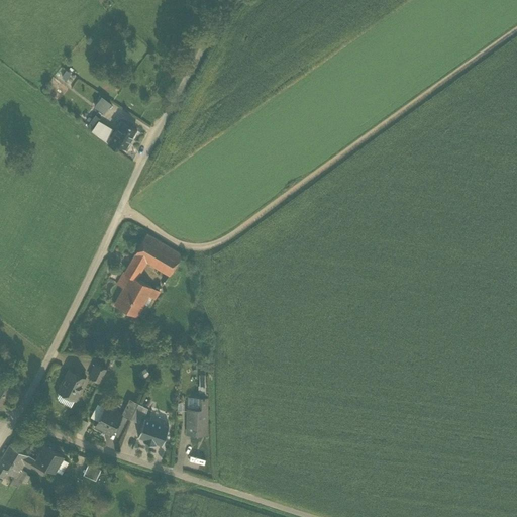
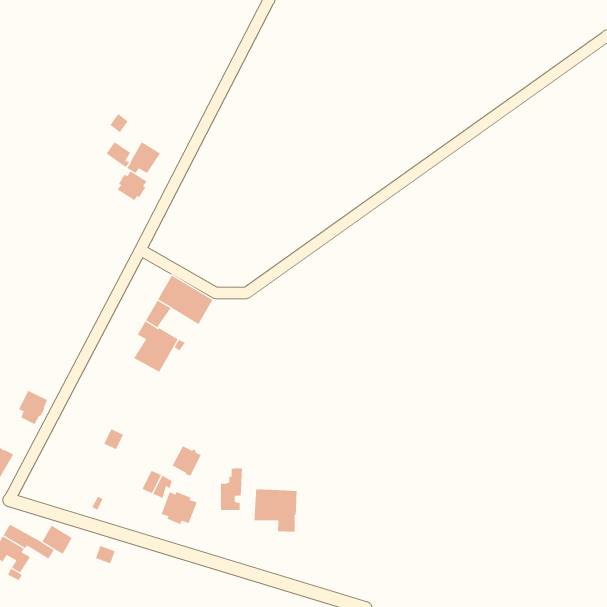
building: none -> [117,171,147,201]
building: [60,371,85,400] -> [18,390,48,425]
building: [95,408,120,434] -> [172,445,201,476]
building: none -> [254,489,297,532]

